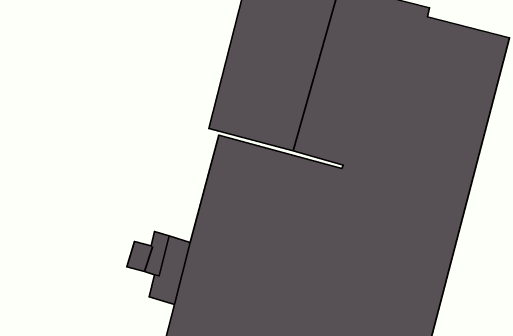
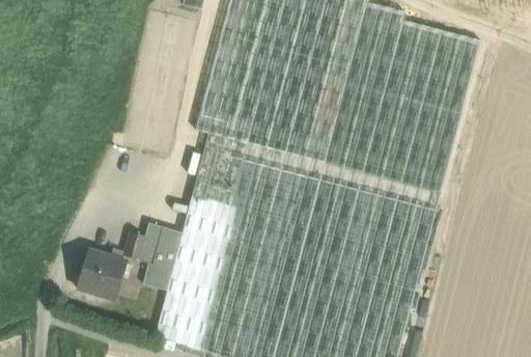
building: none -> [77,248,129,299]

